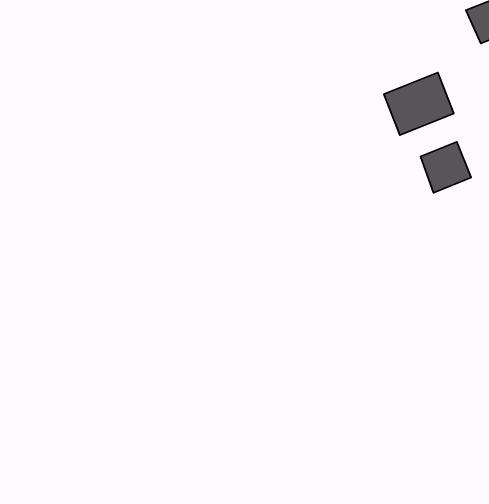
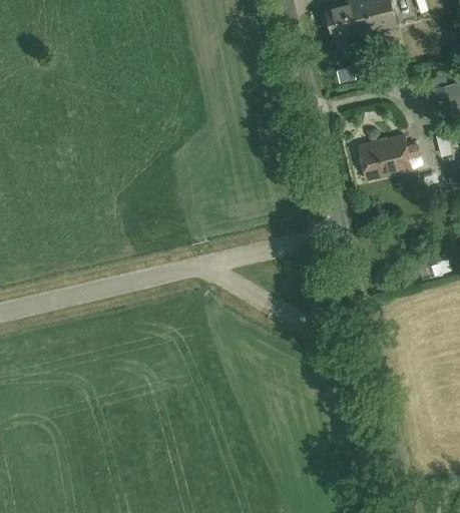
building: [420,142,471,193] -> none

